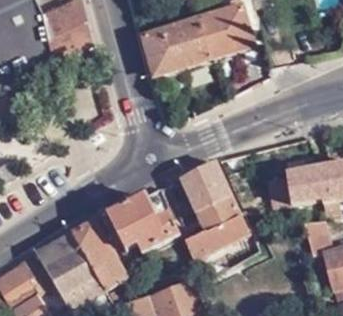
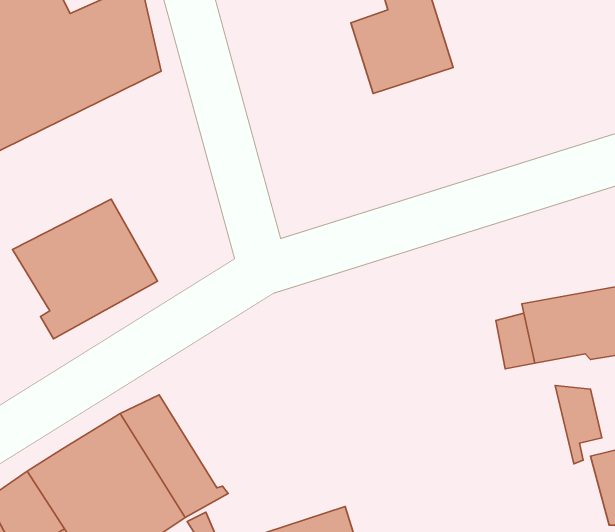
building: [141,21,205,77] -> none
building: [180,159,251,252] -> none
building: [105,187,183,262] -> [13,199,158,339]

